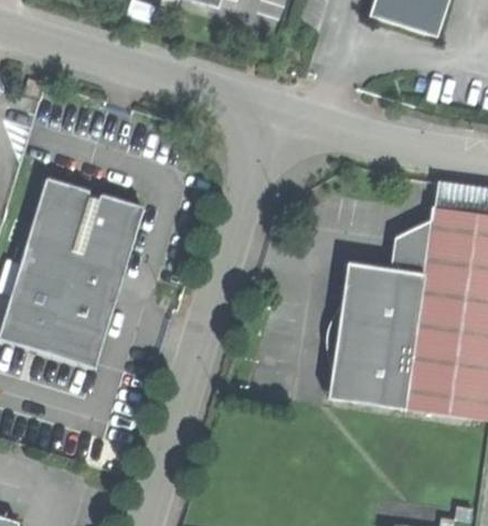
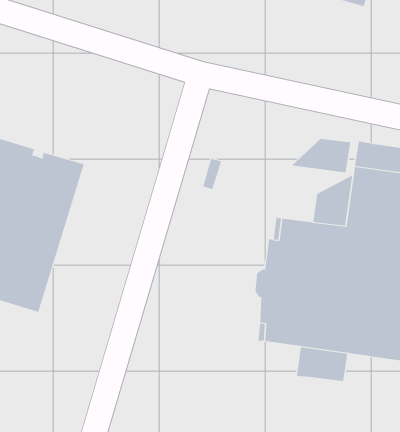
building: none -> [291,138,351,173]
building: none -> [297,346,348,382]

